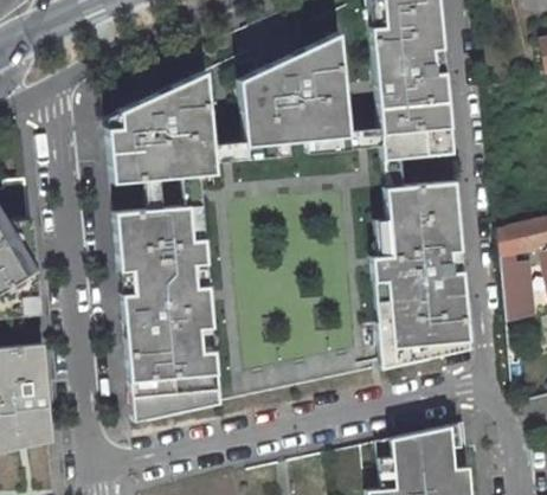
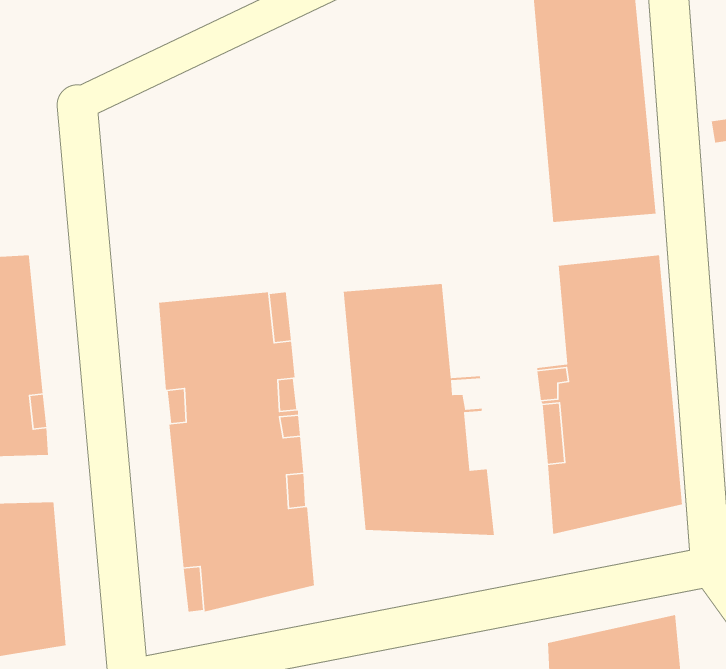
building: [238,34,349,147] -> none
building: [108,72,217,184] -> none
building: none -> [343,283,495,536]

